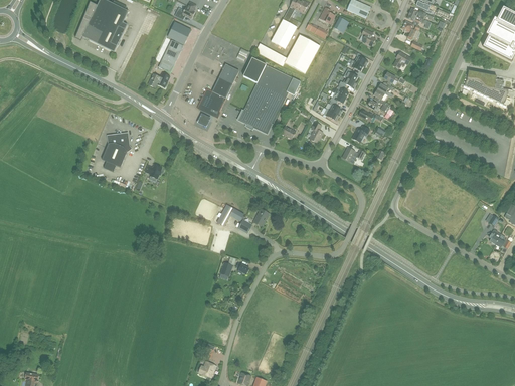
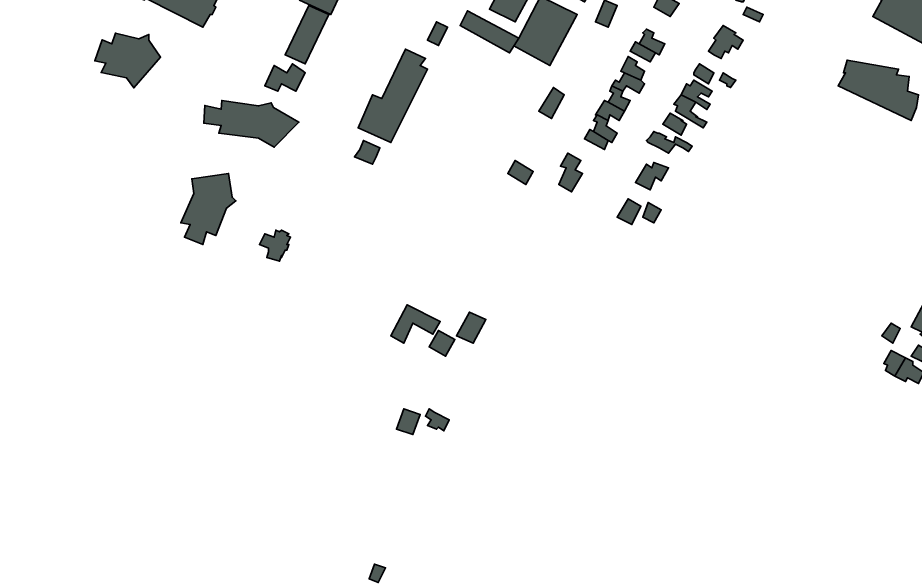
building: none -> [95,33,161,88]
building: [239,57,301,131] -> none
building: none -> [204,100,299,147]

